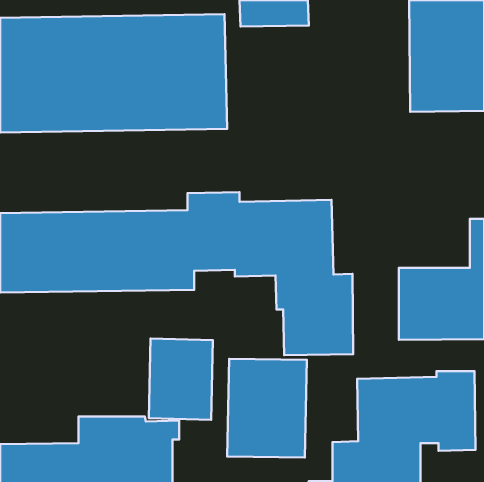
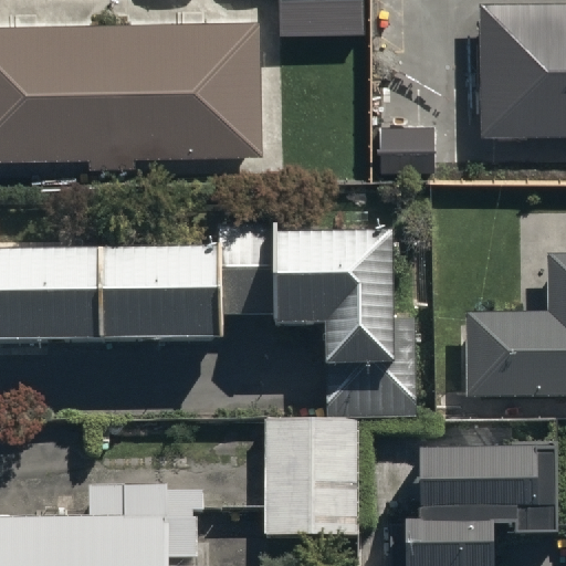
building: [149,339,213,420] -> none

